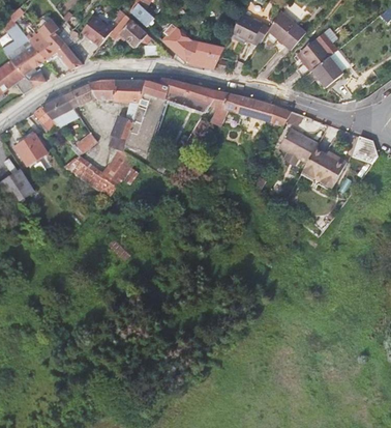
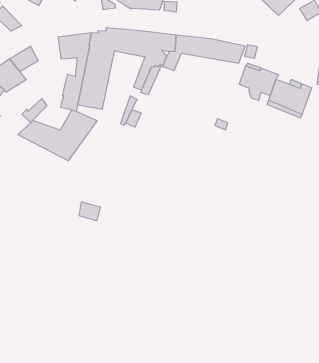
building: [87,80,114,101] -> none

